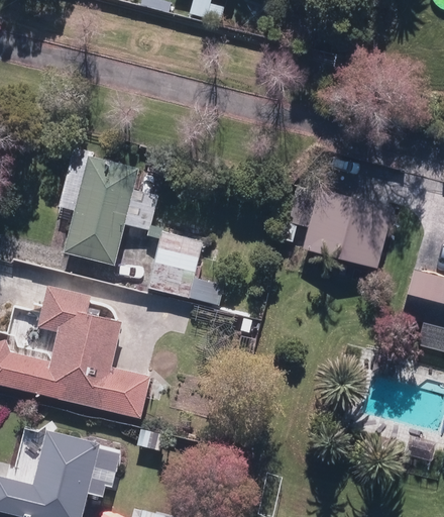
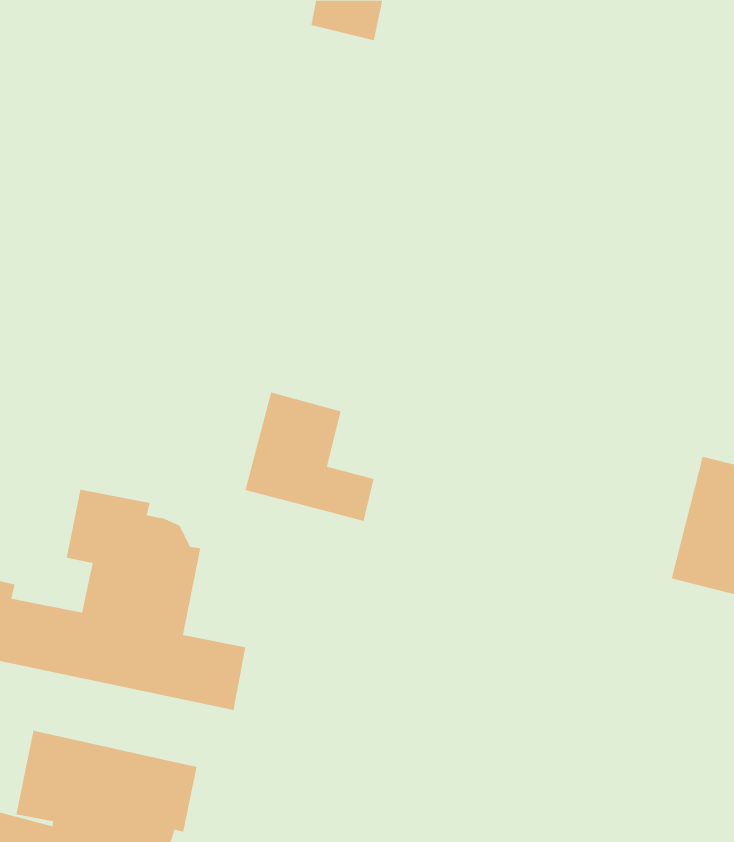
building: [58,140,158,264] -> none
building: [305,187,394,267] -> none

